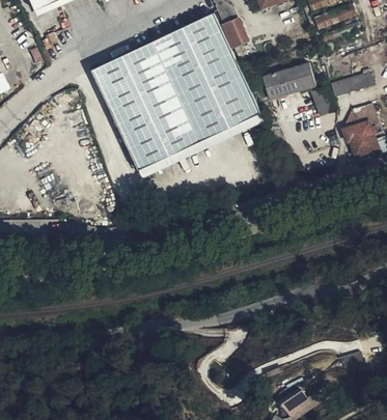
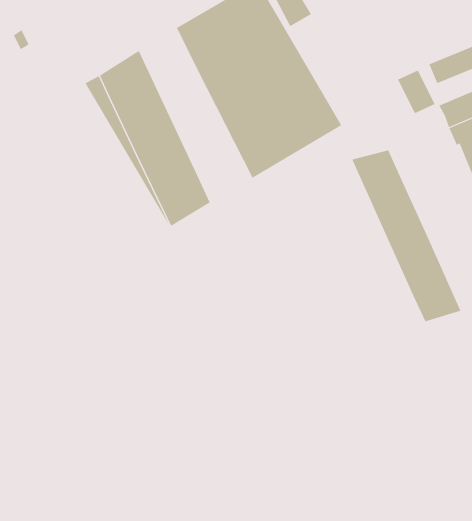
building: [132,41,199,160] -> none
building: [255,58,308,94] -> none
building: none -> [351,150,461,322]

